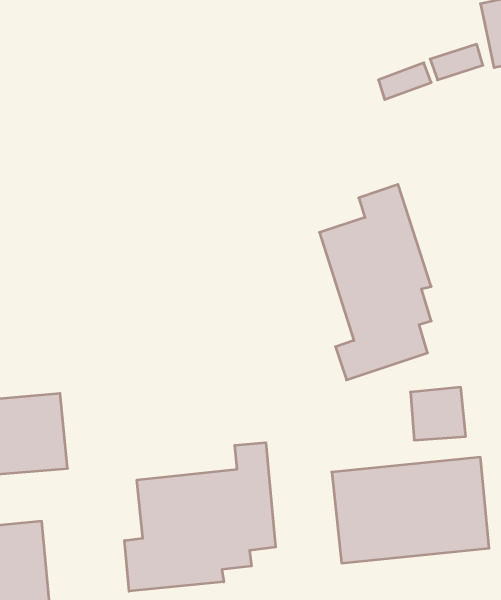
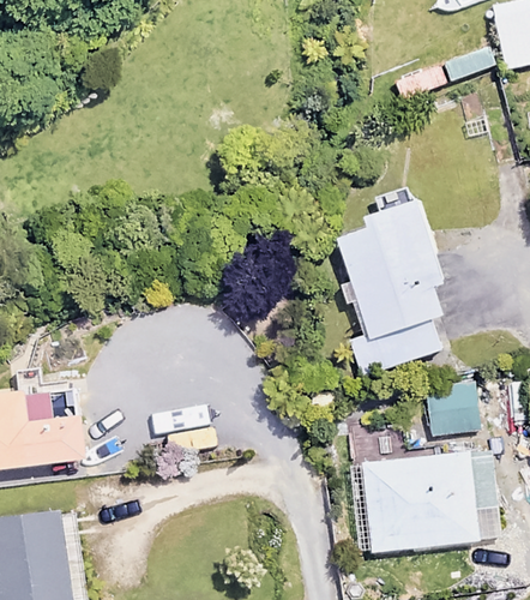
building: [125,443,276,591] -> none

